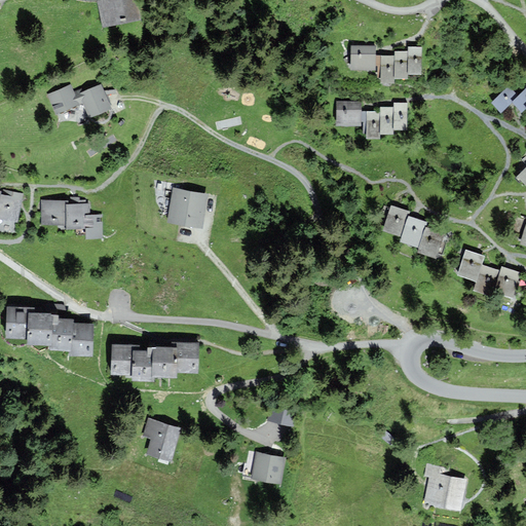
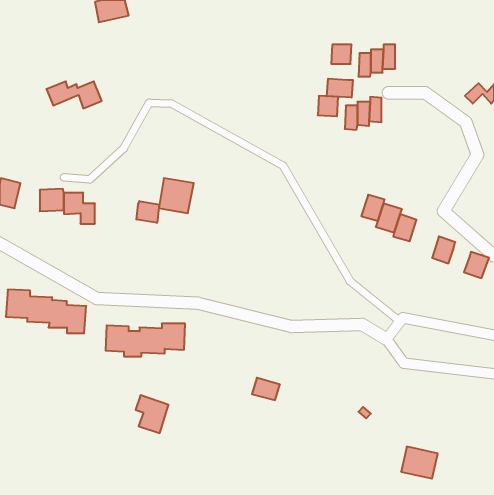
building: none -> [327,79,353,98]
building: none -> [136,201,159,223]
building: [473,265,498,295] -> none
building: [252,453,283,482] -> none

